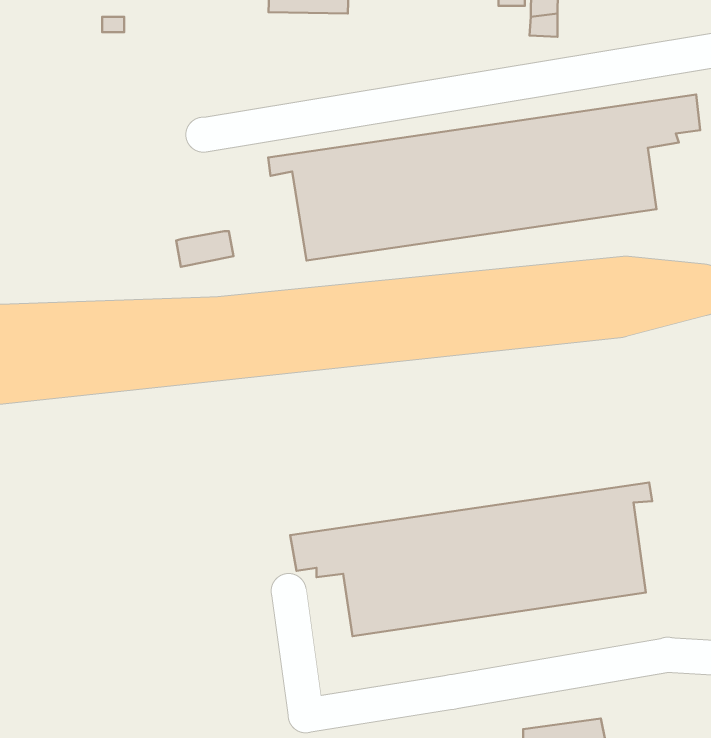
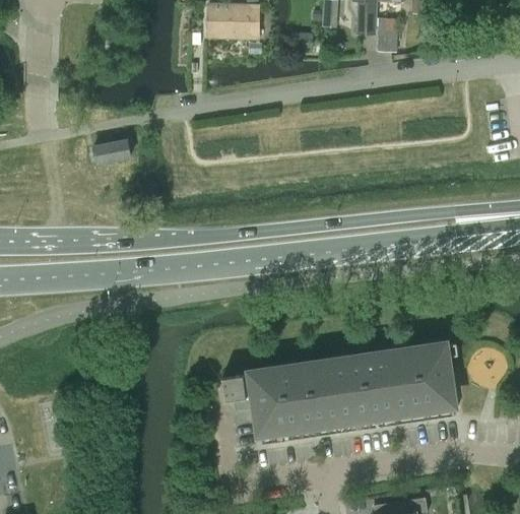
building: [268,94,700,261] -> none
building: [176,231,234,267] -> [93,138,131,162]

